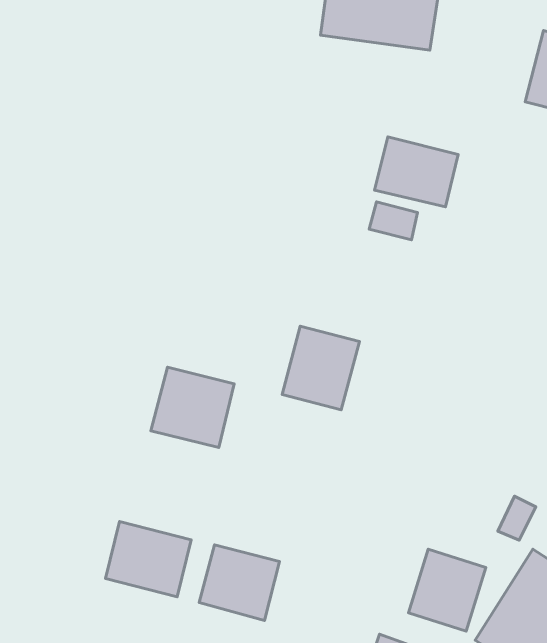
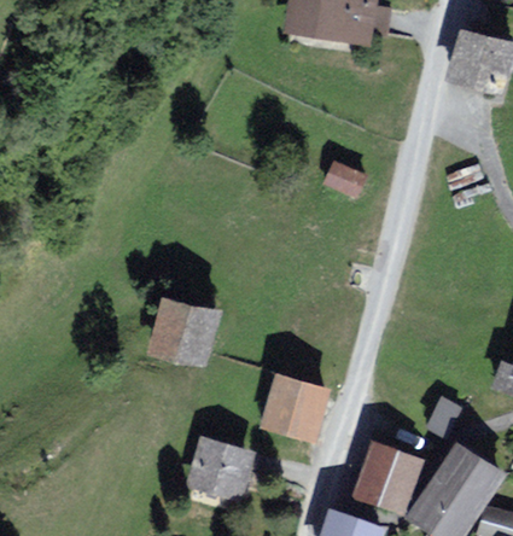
building: [374,137,458,207] -> none
building: [282,326,359,410] -> [264,373,326,439]
building: [106,522,191,597] -> none

